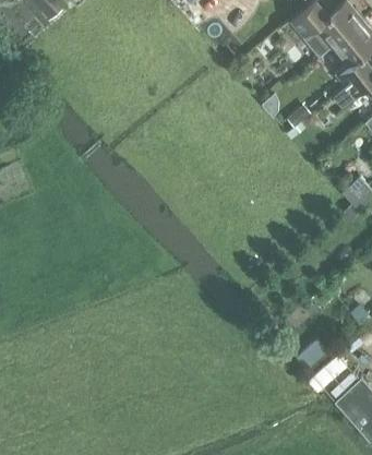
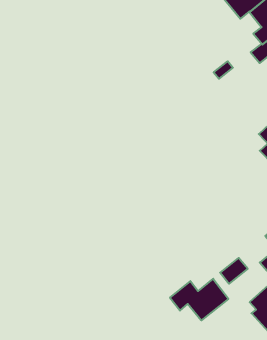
building: none -> [170,279,228,320]

